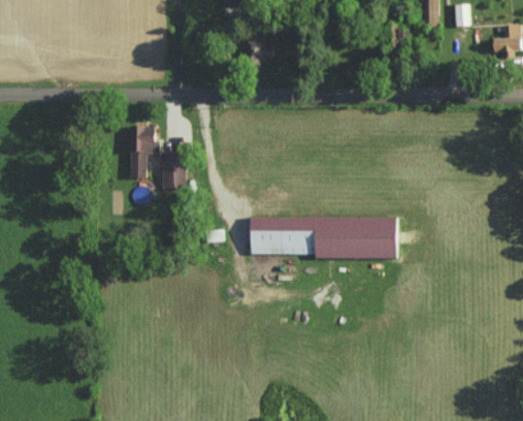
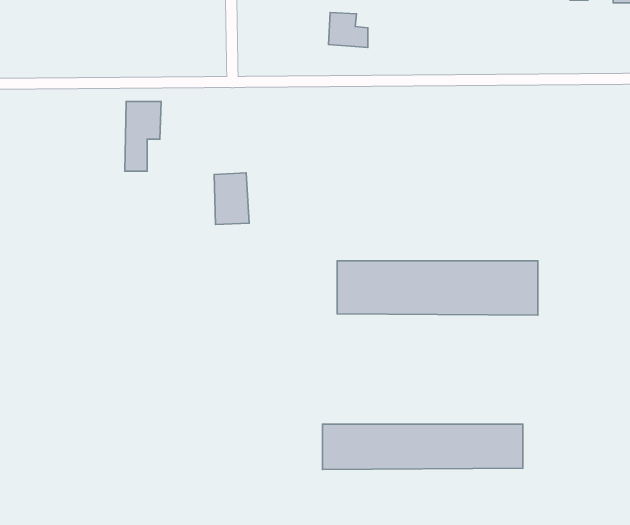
building: [129,126,156,177] -> [125,102,161,171]
building: none -> [323,424,523,469]

